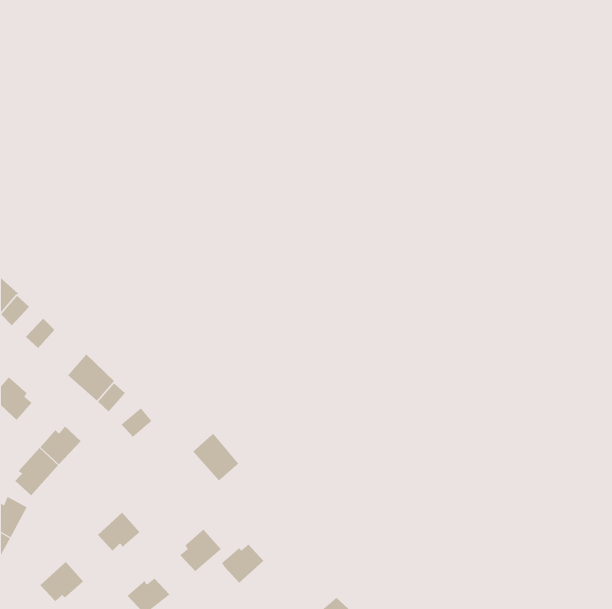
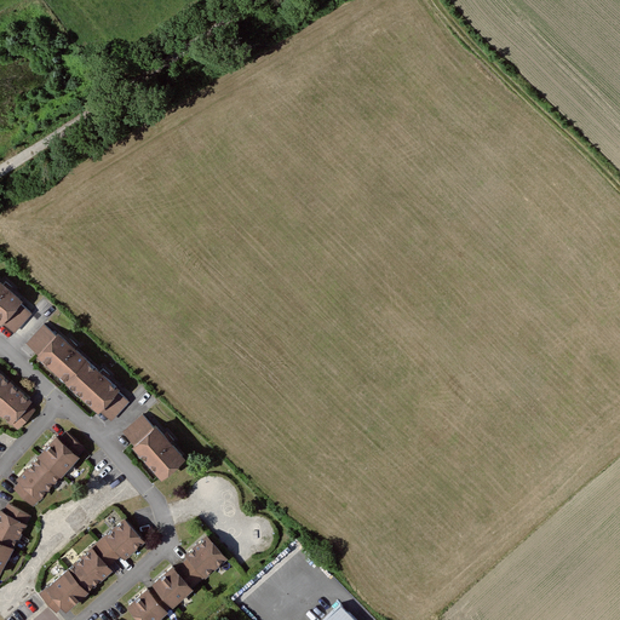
building: none -> [39,334,87,383]
building: [192,432,239,481] -> [134,426,182,476]
building: none -> [67,544,114,591]
building: [221,544,264,583] -> [154,564,197,604]

